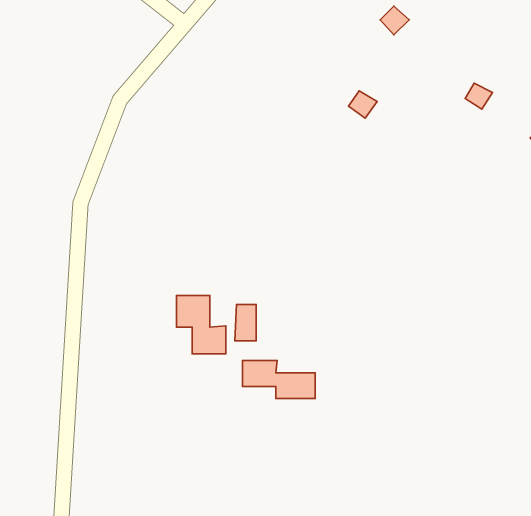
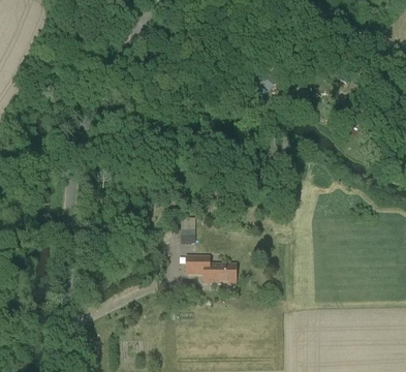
building: [177,295,226,354] -> none

